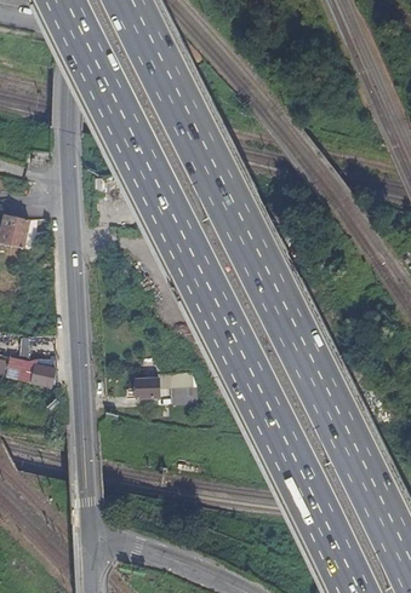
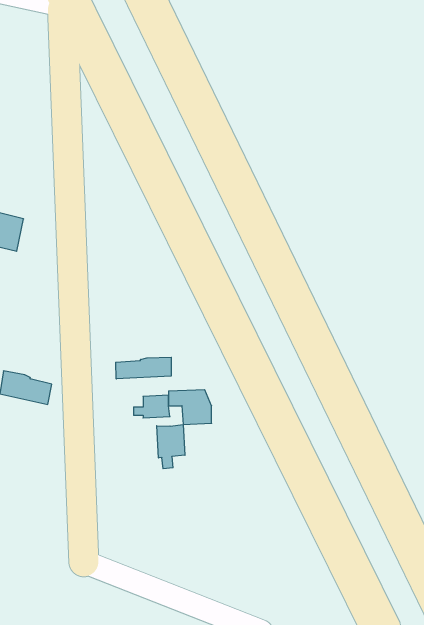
building: none -> [116,357,171,379]
building: none -> [157,425,185,469]

